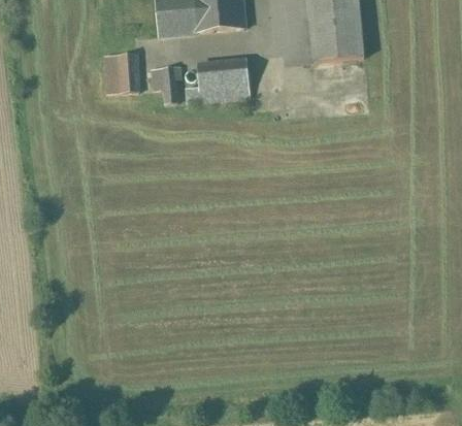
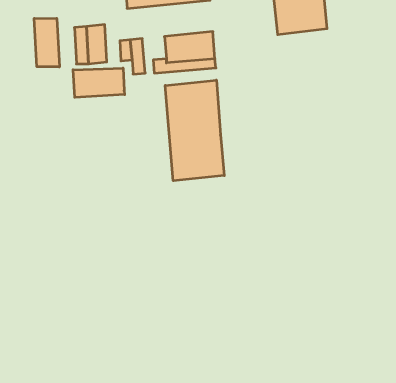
building: none -> [34,18,59,67]
building: none -> [73,68,125,97]
building: none -> [165,80,224,181]

